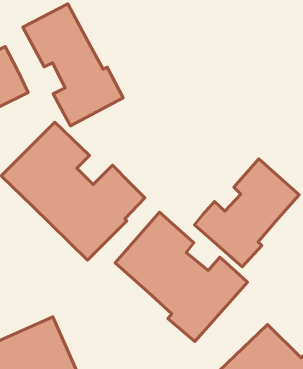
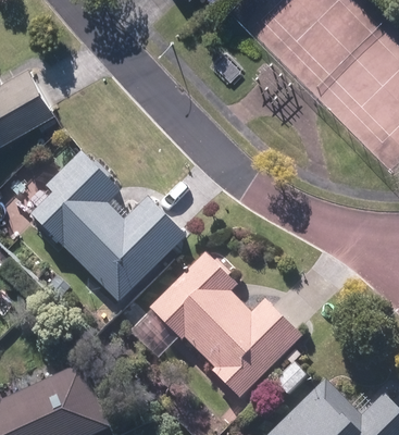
building: [23,4,123,126] -> none
building: [194,159,299,267] -> none

